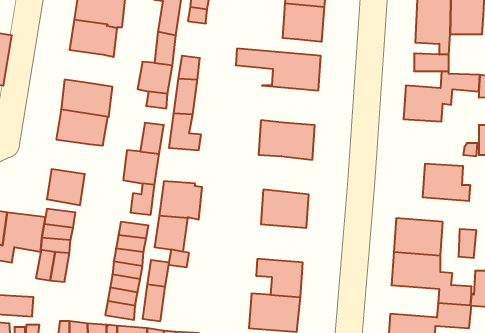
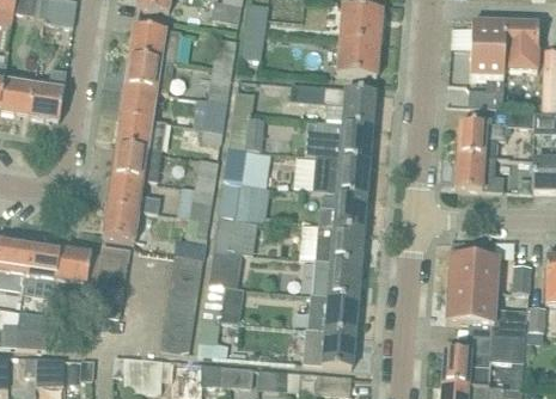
building: none -> [120,84,158,118]
building: none -> [316,119,373,159]
building: none -> [106,173,159,210]
building: none -> [219,182,255,217]
building: none -> [318,190,367,228]
building: [423,164,470,201] -> [456,153,503,190]
building: none -> [312,258,361,296]

